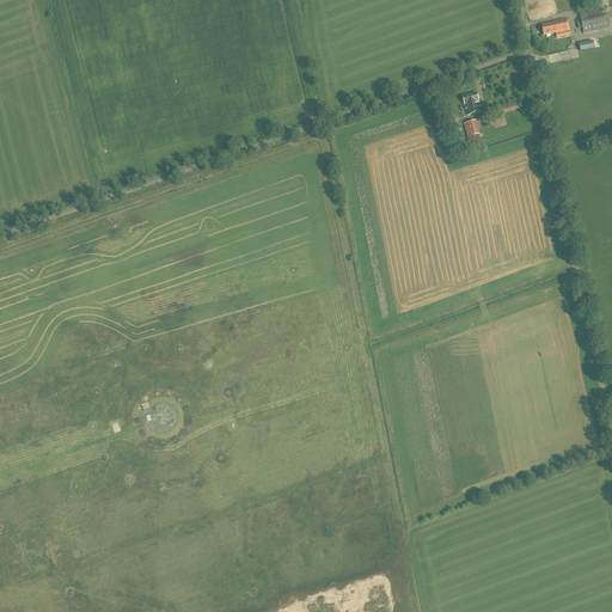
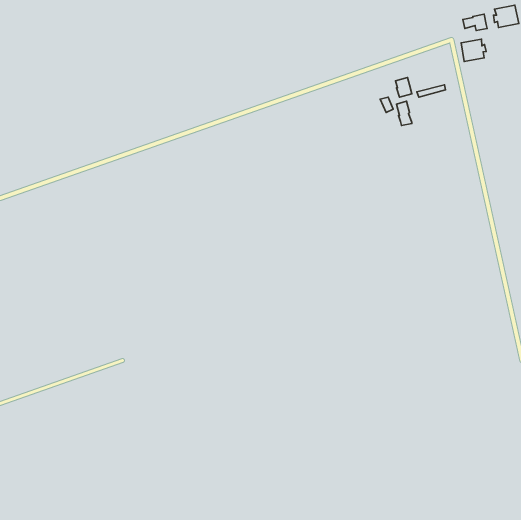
building: none -> [461,39,486,61]

